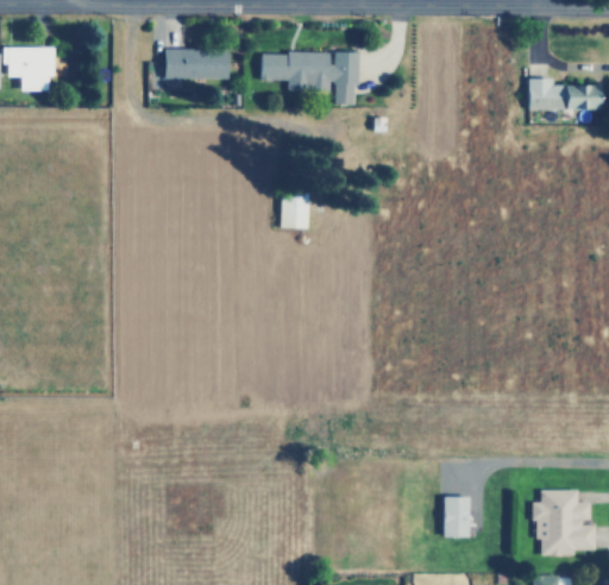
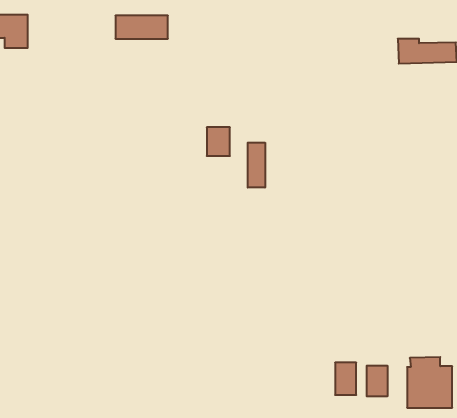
building: [260,51,359,99] -> none
building: none -> [248,143,265,188]
building: none -> [367,366,387,396]

